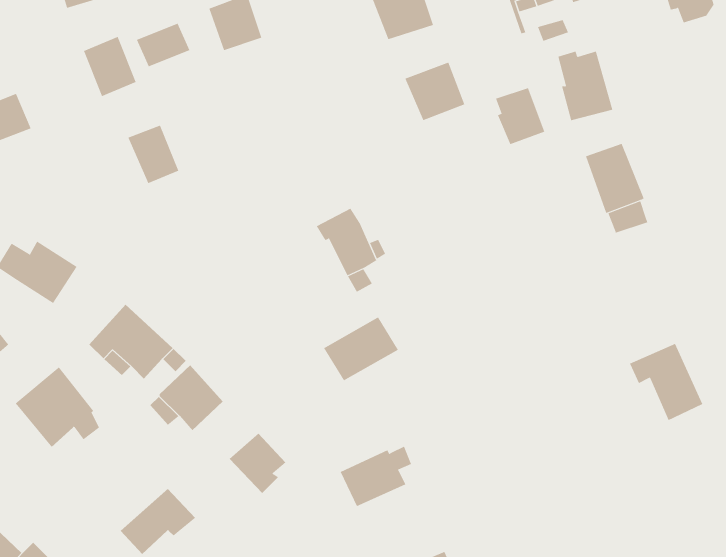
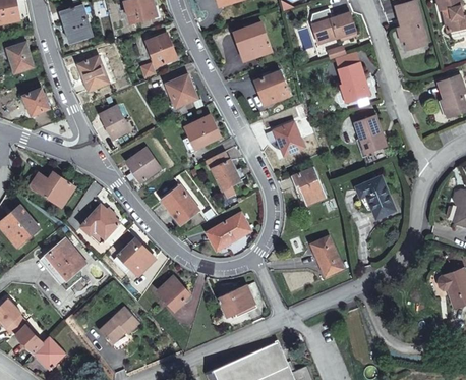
building: [136,23,190,67] -> none
building: none -> [166,74,197,107]
building: [495,88,545,145] -> [275,122,302,154]
building: none -> [186,115,219,148]
building: none -> [125,149,159,182]
building: none -> [291,166,326,203]
building: none -> [160,185,197,224]
building: [629,343,703,421] -> [355,176,396,219]
building: none -> [311,236,343,276]

